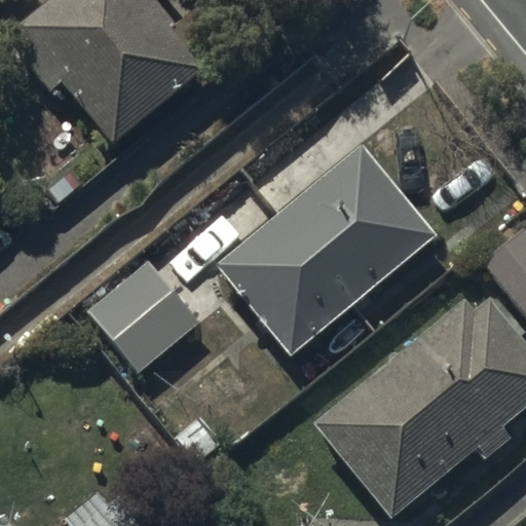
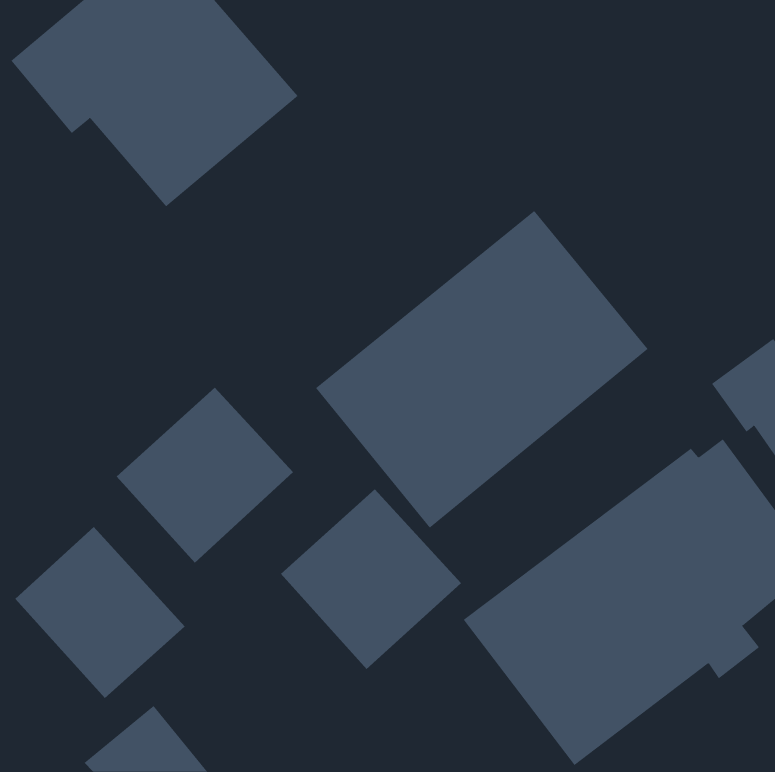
building: none -> [280,489,462,670]
building: none -> [15,526,186,699]

